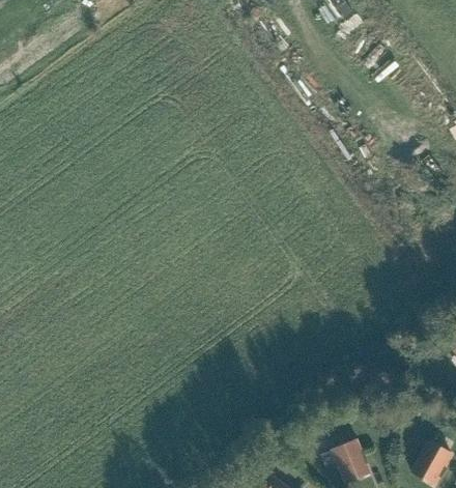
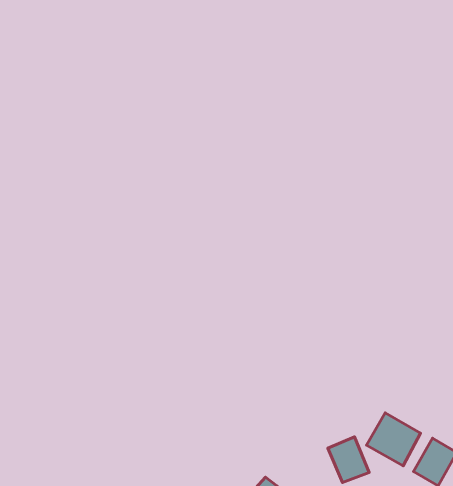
building: none -> [367,413,420,466]

